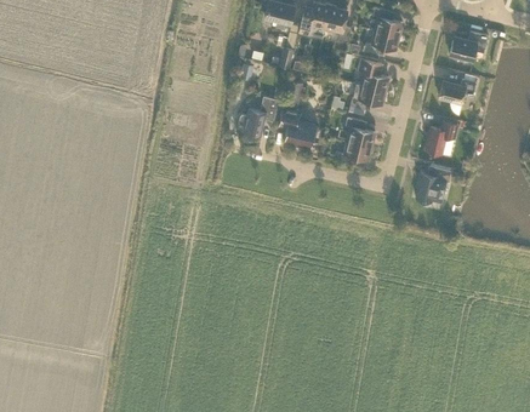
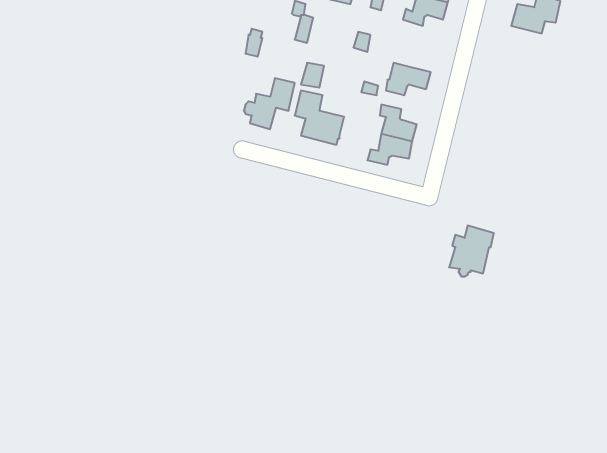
building: [353,55,389,91] -> none
building: [439,78,477,103] -> none
building: [426,120,457,154] -> none
building: [415,165,450,205] -> [449,225,494,276]

